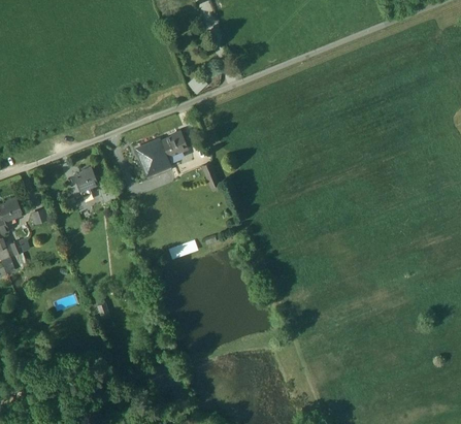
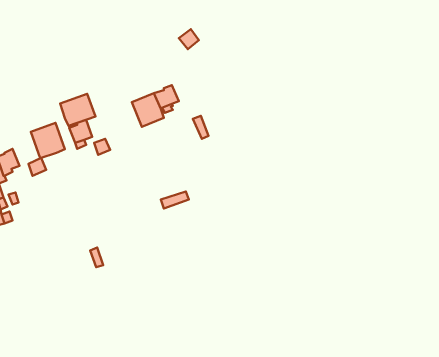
building: none -> [60,94,96,126]
building: none -> [31,123,65,158]

